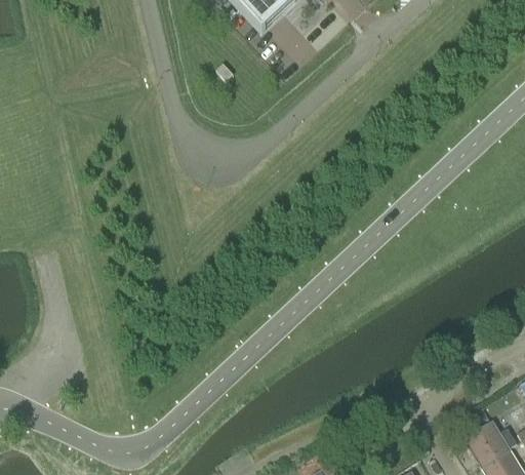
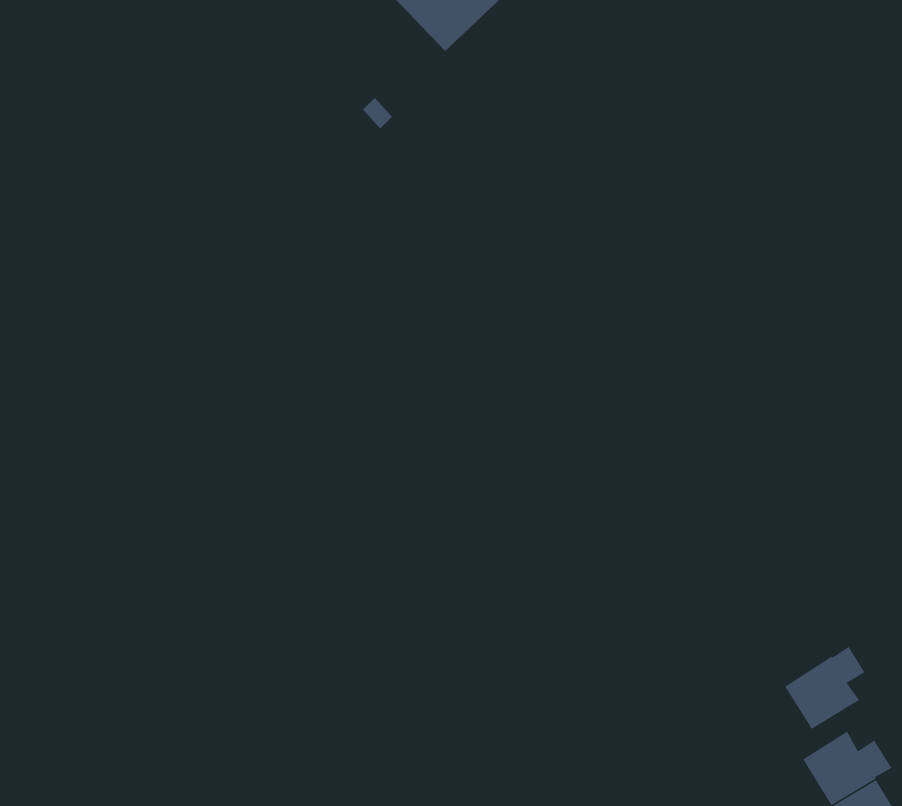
building: none -> [784,646,866,730]

